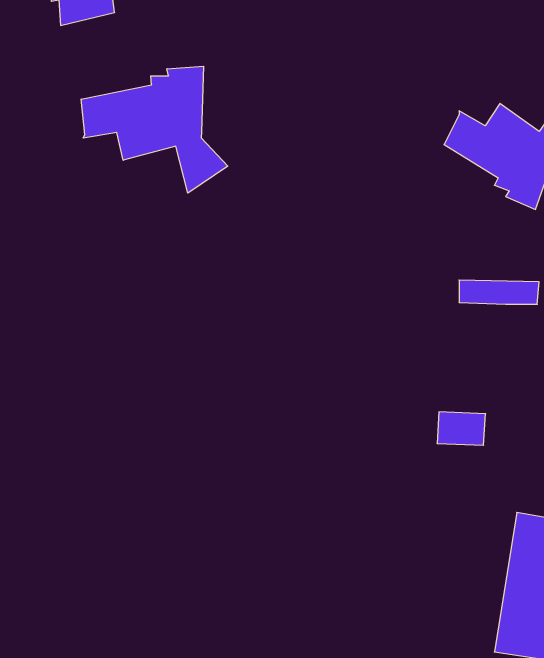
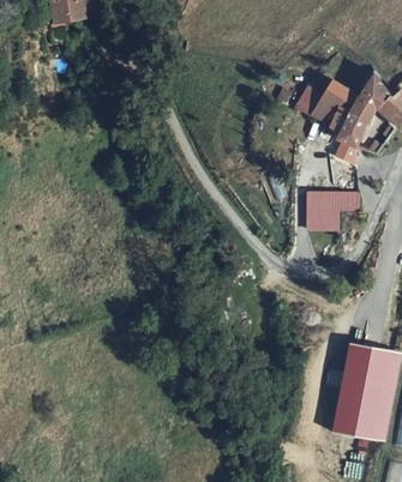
building: [81,66,228,193] -> none
building: [437,412,486,445] -> [308,206,340,228]

